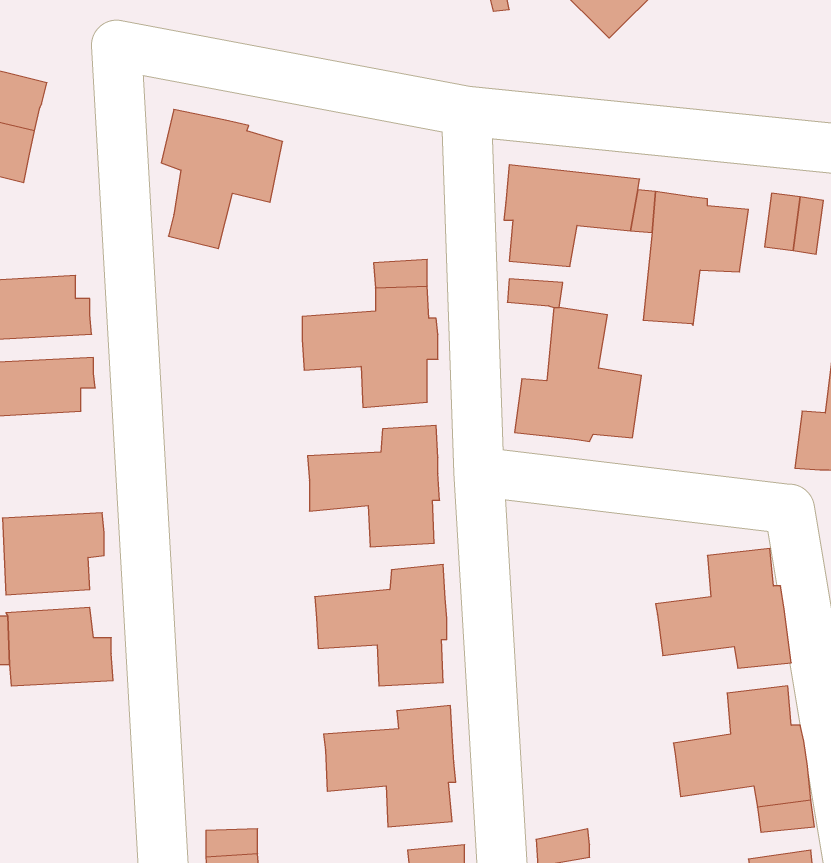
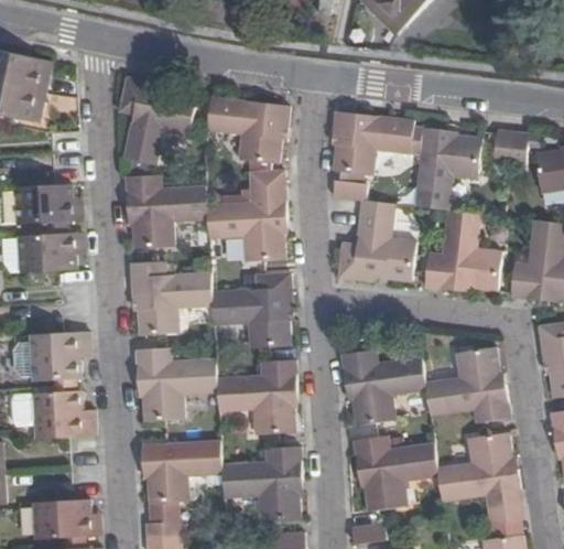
building: none -> [206,97,289,162]
building: none -> [127,174,207,248]
building: none -> [425,209,502,292]
building: none -> [131,261,212,334]
building: none -> [135,347,216,421]
building: none -> [341,351,426,424]
building: none -> [354,435,437,509]
building: none -> [142,440,221,503]
building: none -> [30,496,96,537]

